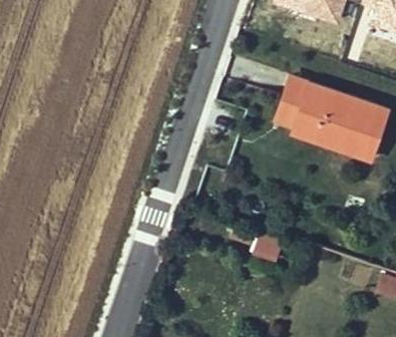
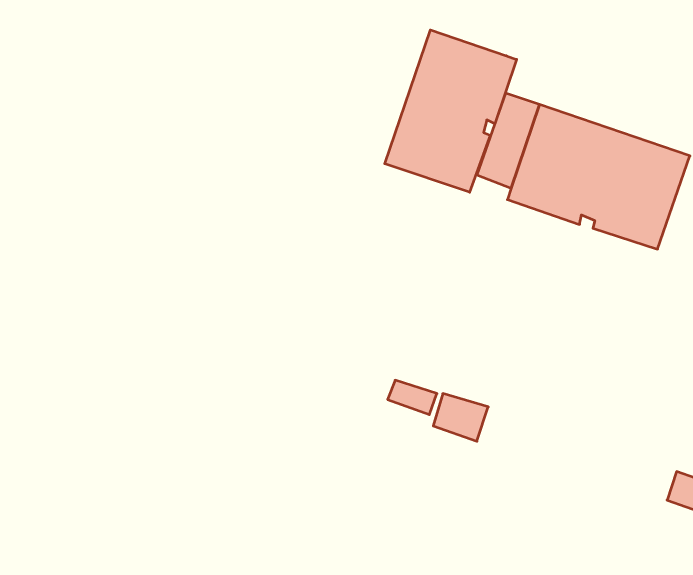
building: none -> [385,30,517,192]

